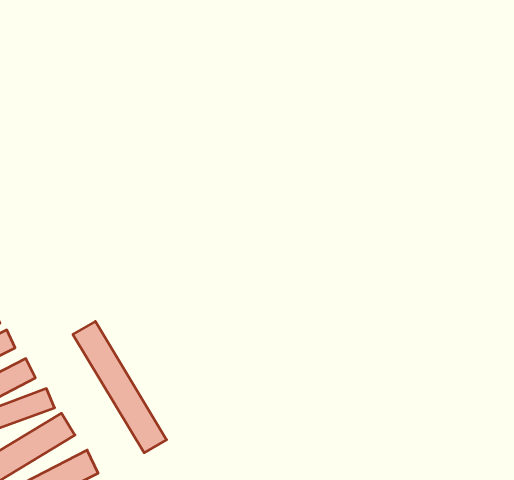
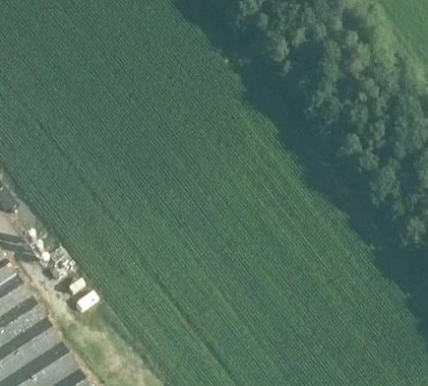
building: [73,321,167,453] -> none

